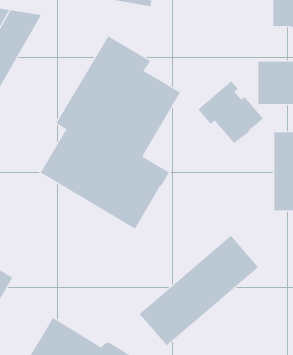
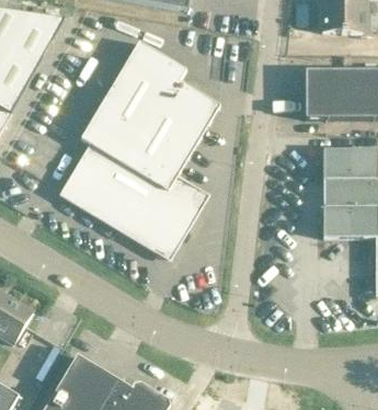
building: [198,78,264,144] -> none
building: [139,235,259,346] -> none

